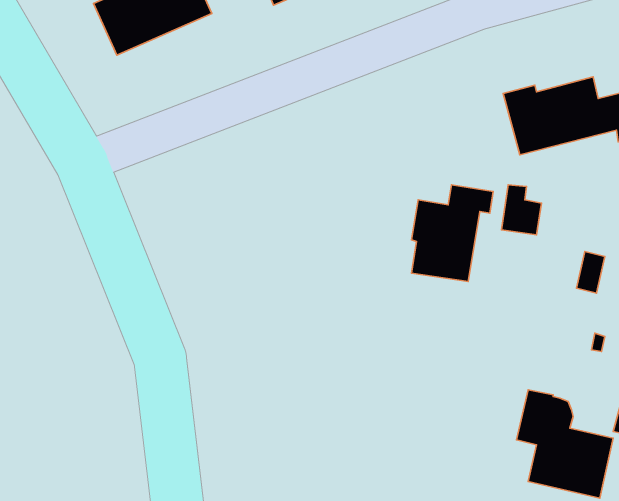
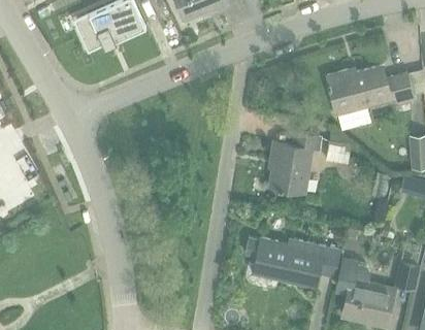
building: none -> [246,238,340,288]

